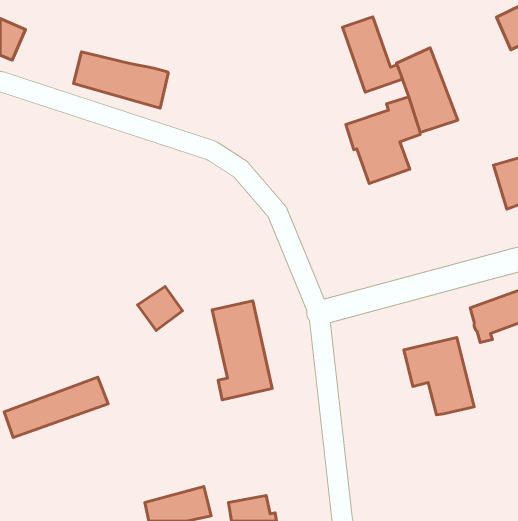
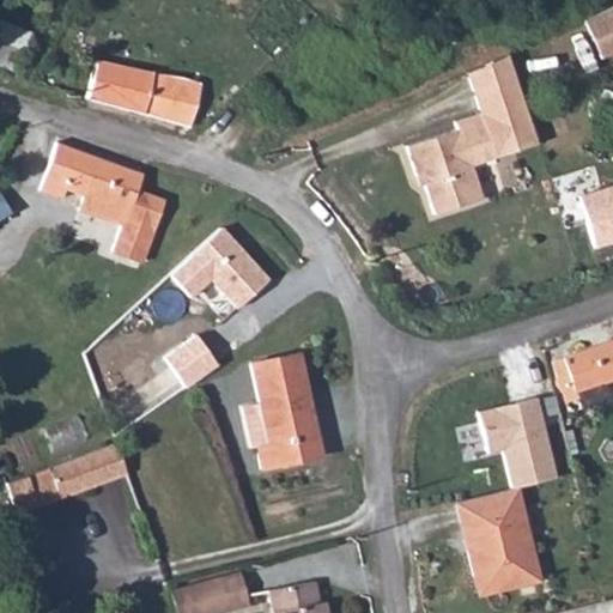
building: [342,17,402,92] -> none
building: none -> [43,142,168,261]
building: none -> [171,224,275,310]
building: none -> [457,486,547,596]

